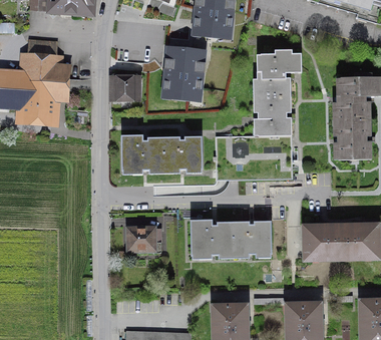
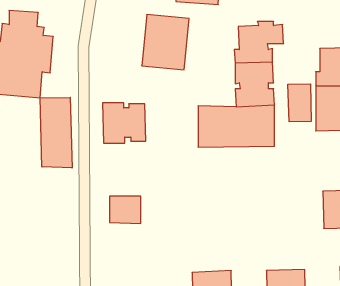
building: [116,76,141,100] -> none
building: none -> [288,84,311,122]
building: none -> [40,97,72,168]
building: [163,134,203,172] -> none
building: [189,219,271,258] -> none
building: [301,222,342,260] -> none

